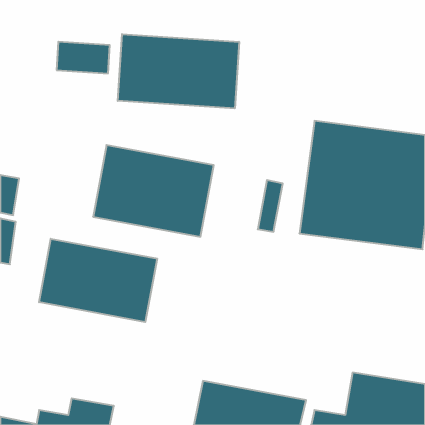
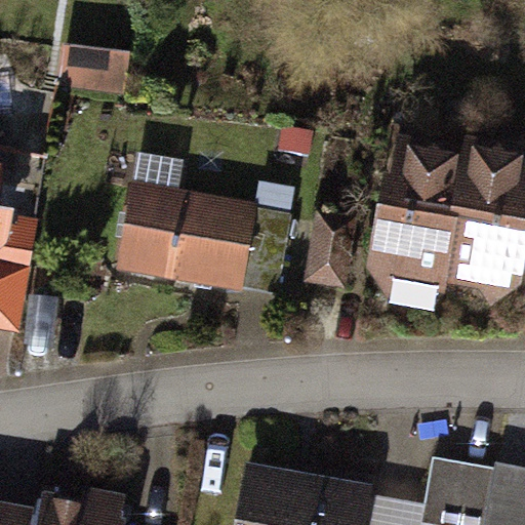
building: [118,34,239,108] -> none
building: [39,239,157,322] -> none

